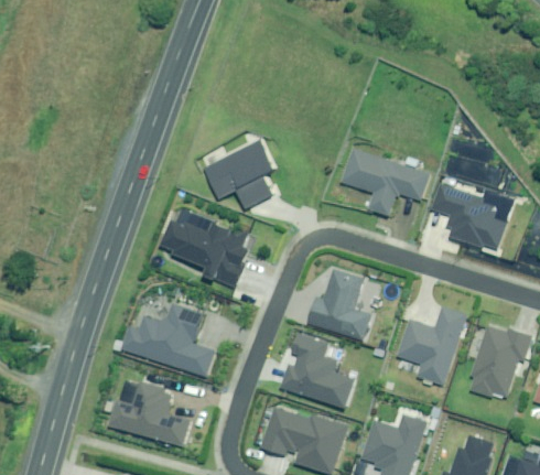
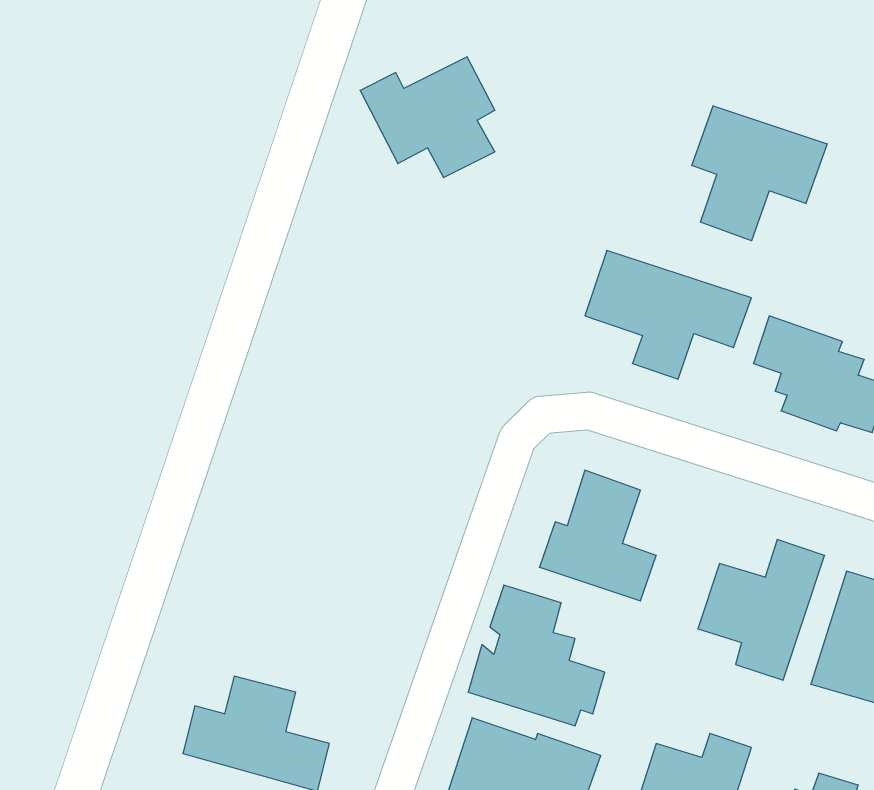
building: none -> [692,106,827,241]
building: [202,139,277,206] -> [360,57,495,178]
building: [163,217,253,289] -> none
building: [123,303,218,376] -> none

